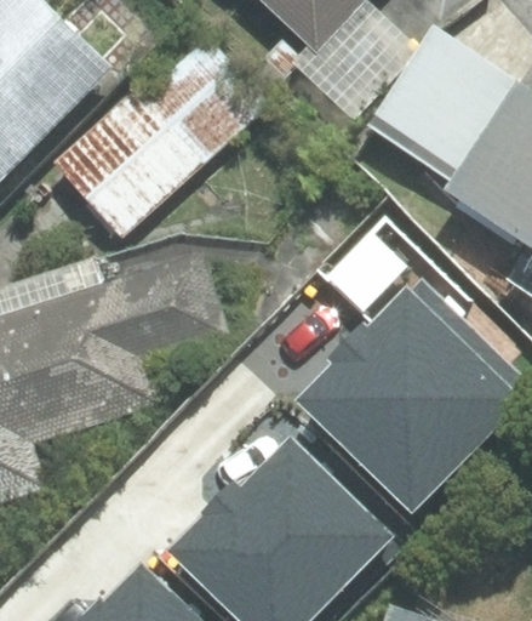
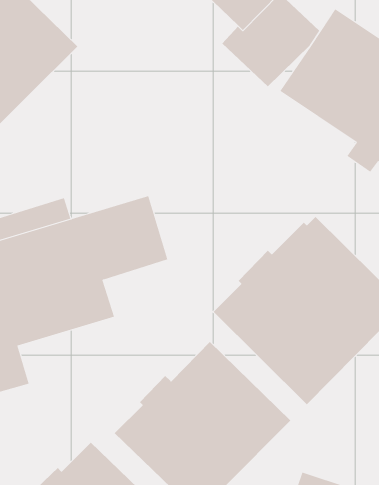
building: [57,39,271,237] -> none

